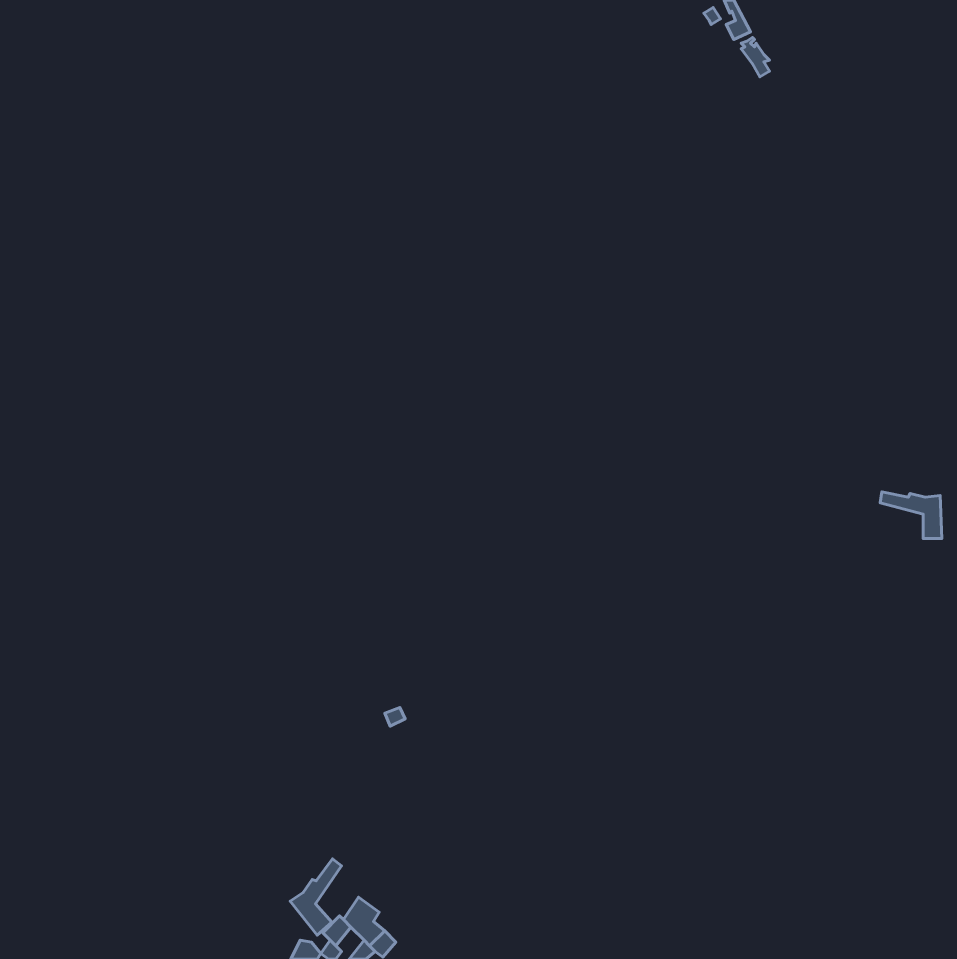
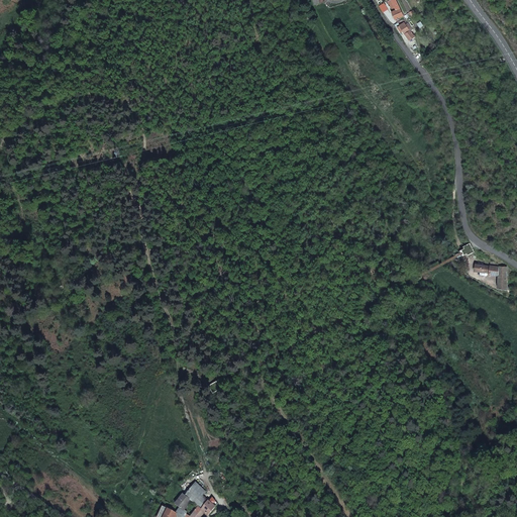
building: [290,859,342,935] -> none

